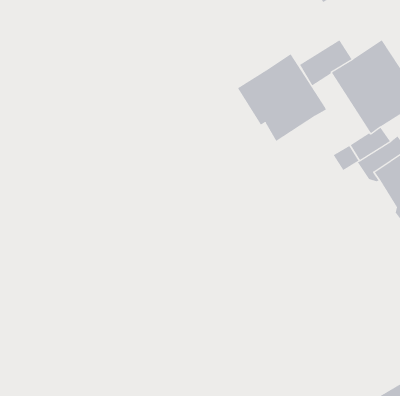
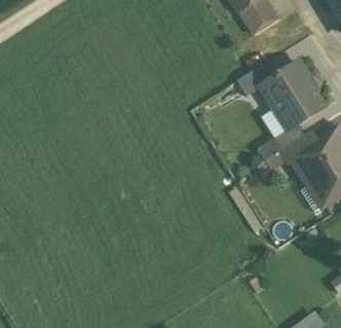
building: [237,54,326,142] -> none

